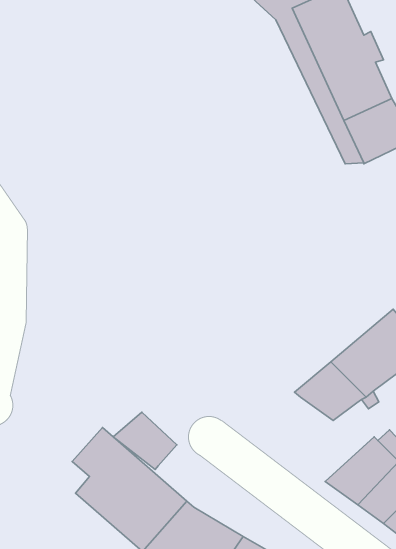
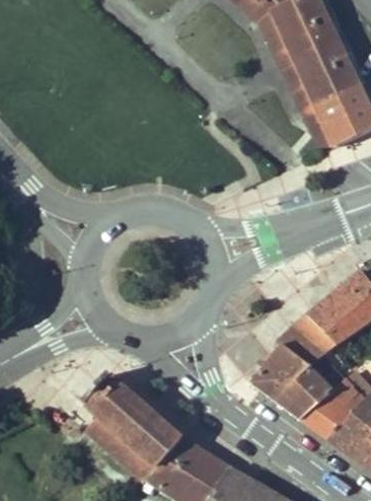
building: none -> [251,347,345,420]
building: [113,412,177,469] -> none

